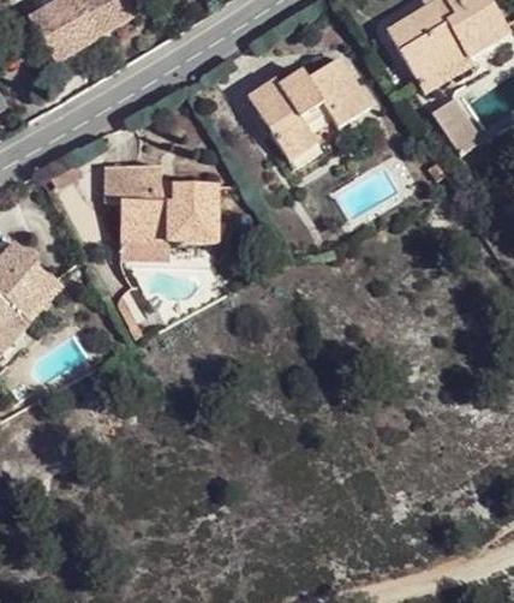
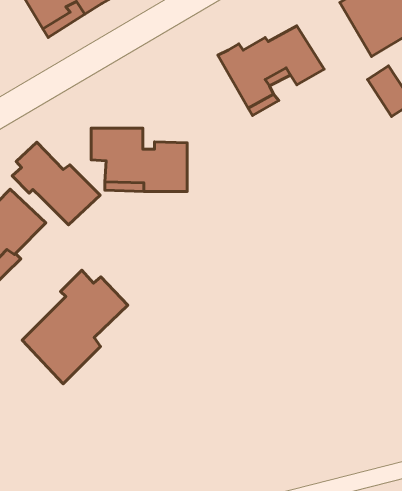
building: none -> [12,142,100,225]
building: none -> [22,270,128,384]

